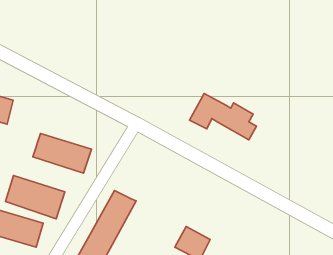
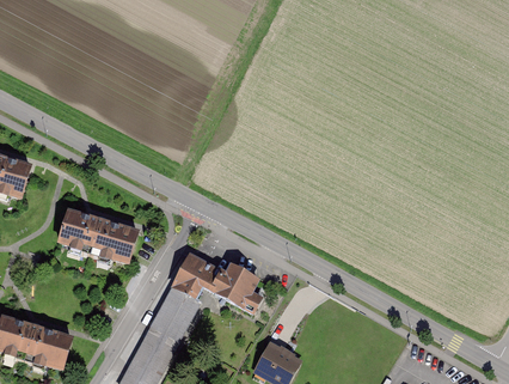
building: [189,93,257,140] -> [170,255,263,319]
building: [6,176,65,219] -> none

